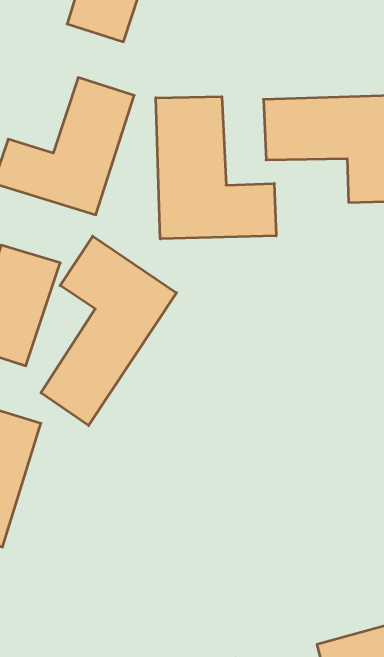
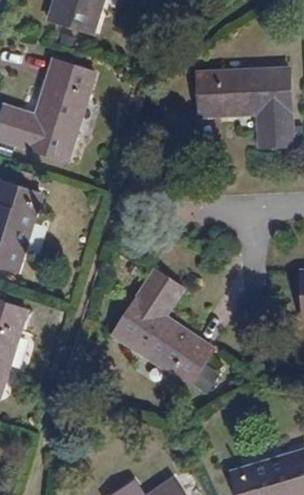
building: [156,97,276,239] -> none
building: [41,236,177,426] -> none
building: none -> [109,277,211,393]

